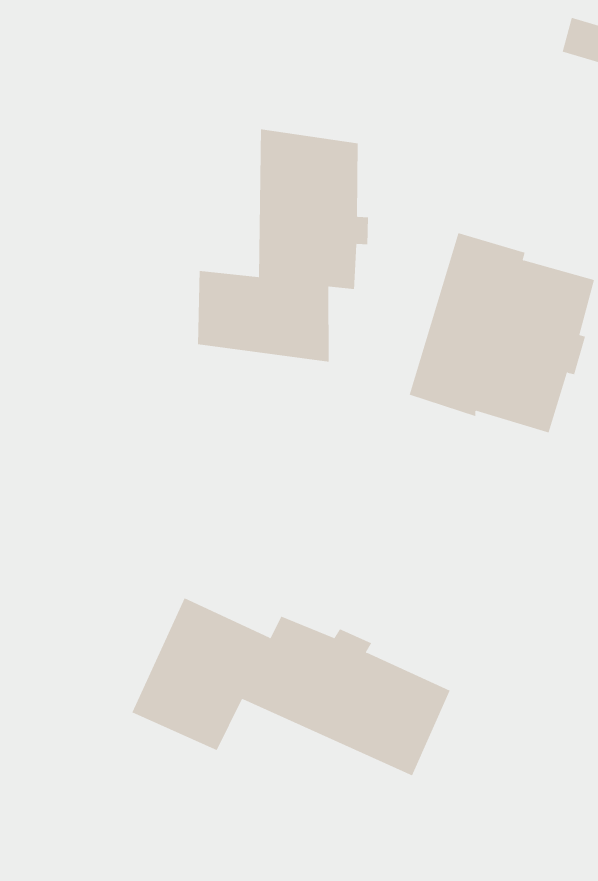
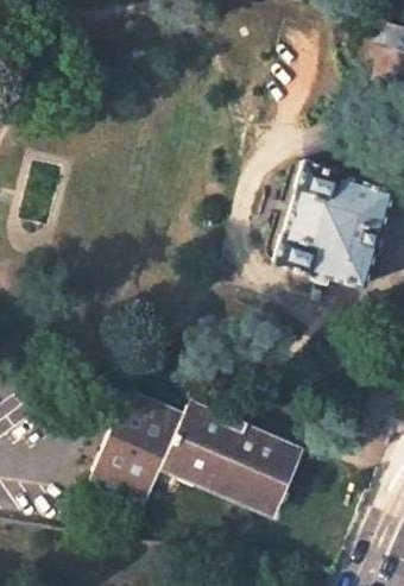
building: [198,129,369,363] -> none

